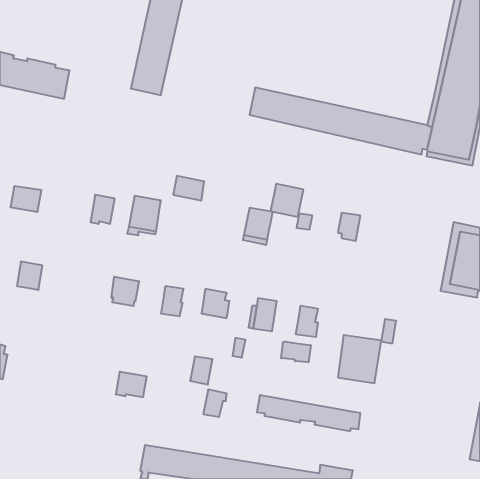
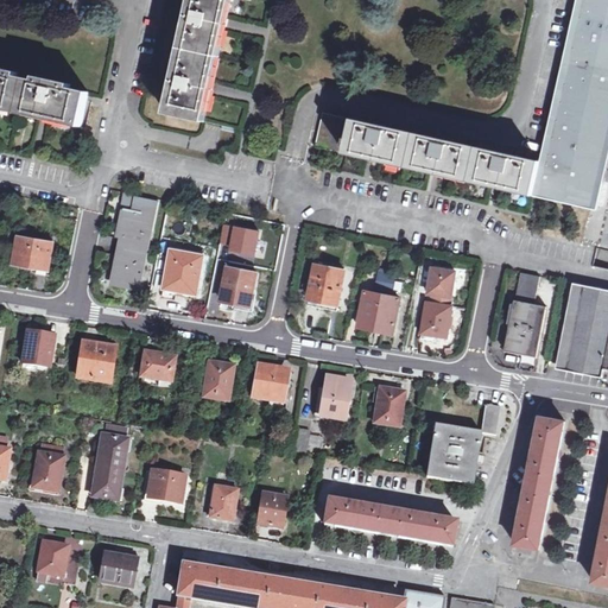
building: none -> [120,192,154,251]
building: [270,184,303,217] -> [357,290,399,331]
building: none -> [220,266,255,303]
building: none -> [505,270,546,355]
building: none -> [420,299,451,334]
building: none -> [77,341,114,380]
building: none -> [514,414,563,546]
building: none -> [94,424,127,499]
building: [281,342,311,362] -> none
building: none -> [32,443,63,489]
building: [190,356,213,385] -> [209,484,238,520]
building: none -> [37,539,68,580]
building: none -> [100,553,133,585]

